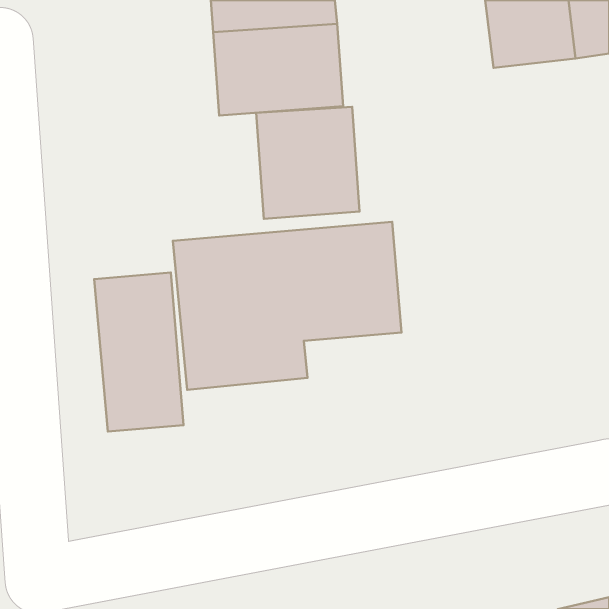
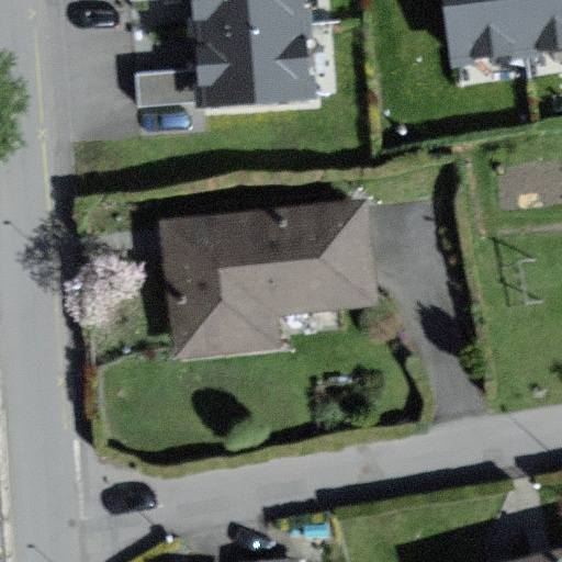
building: [256,107,360,219] -> none
building: [94,272,184,432] -> none

